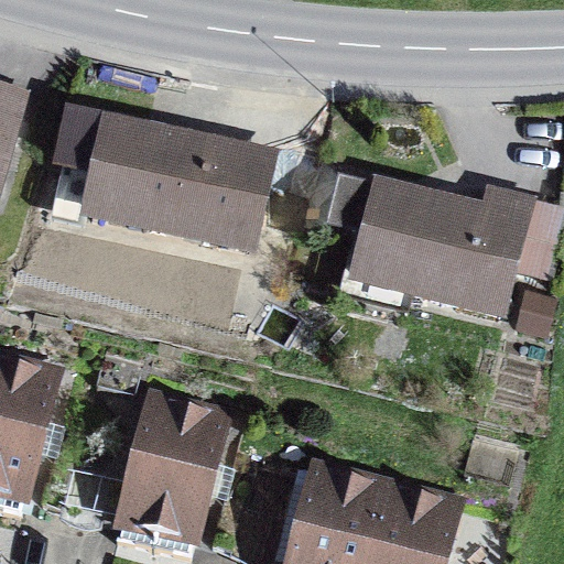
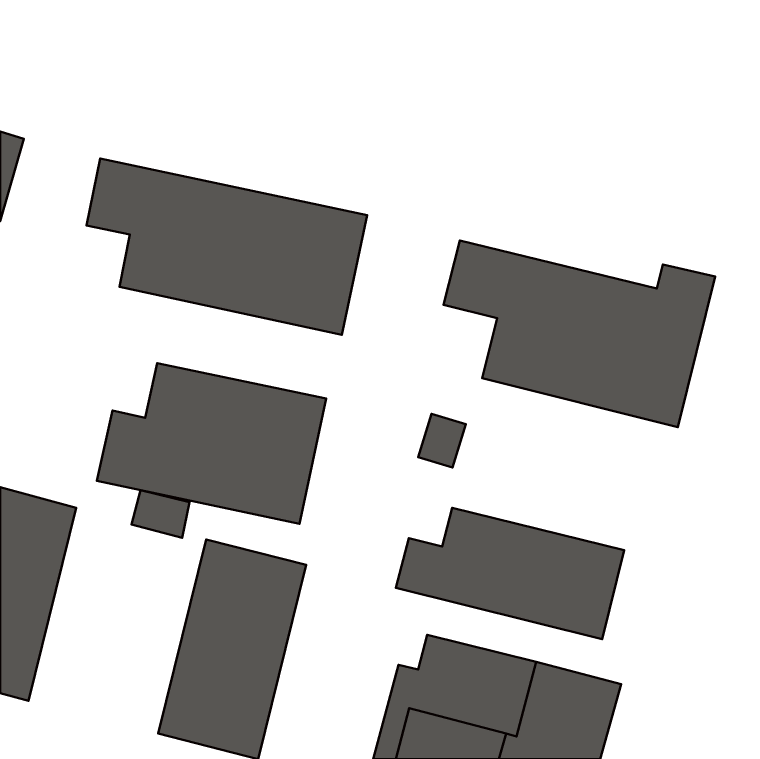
building: none -> [97,363,326,524]
building: none -> [396,508,624,639]

